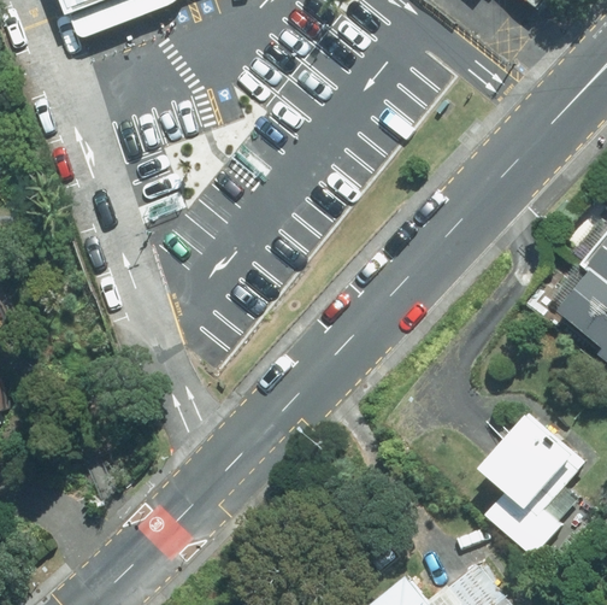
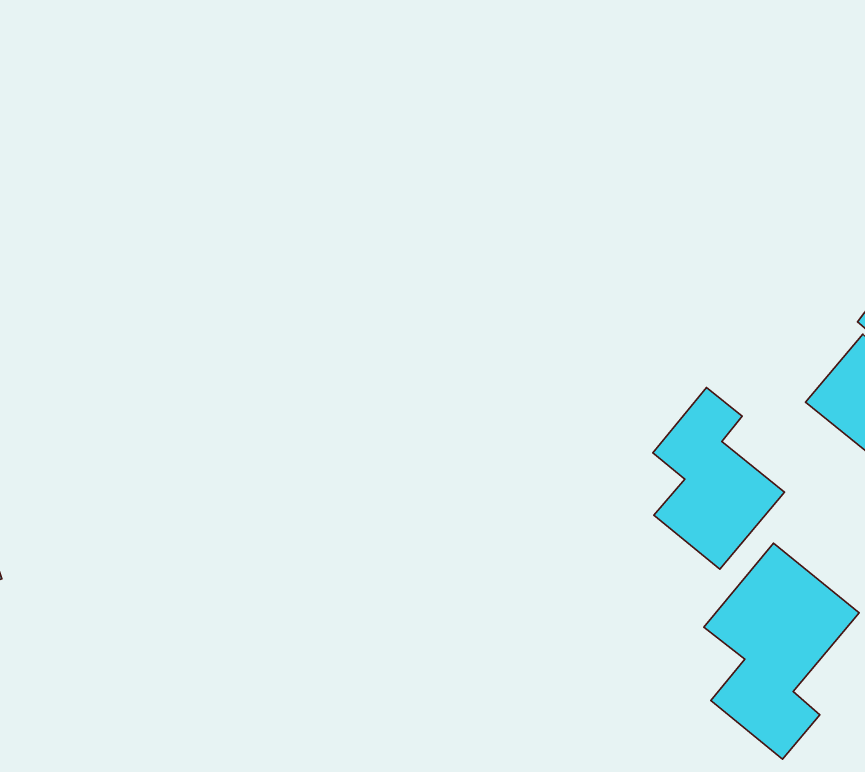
building: none -> [653,388,785,569]

